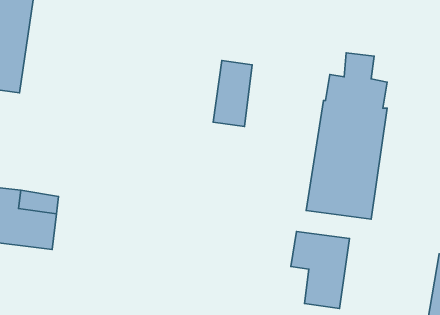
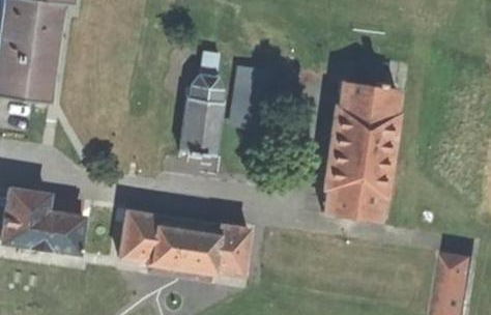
building: none -> [178,58,222,156]
building: none -> [120,209,249,281]
building: [291,232,350,309] -> none

